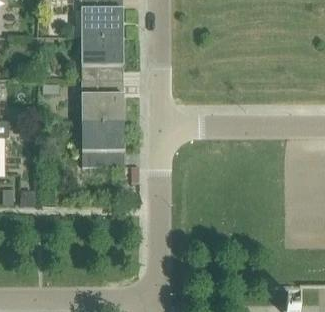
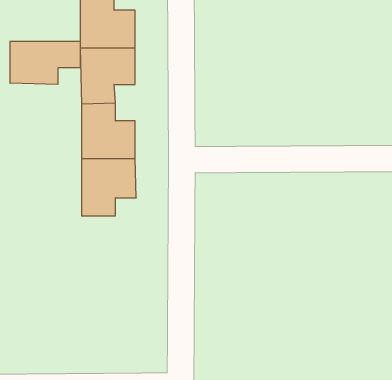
building: none -> [10,41,80,84]

